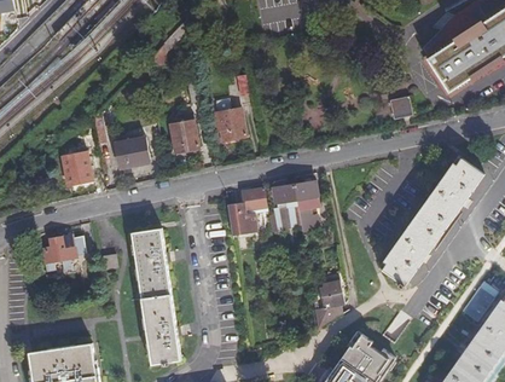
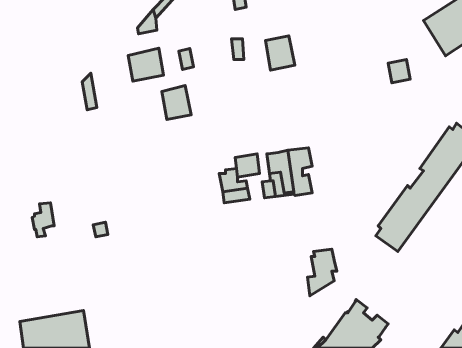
building: [216,108,245,141] -> [265,36,295,70]
building: [114,137,149,169] -> [128,48,164,81]
building: [62,152,89,185] -> none
building: [132,225,182,365] -> none
building: [59,233,85,267] -> none

